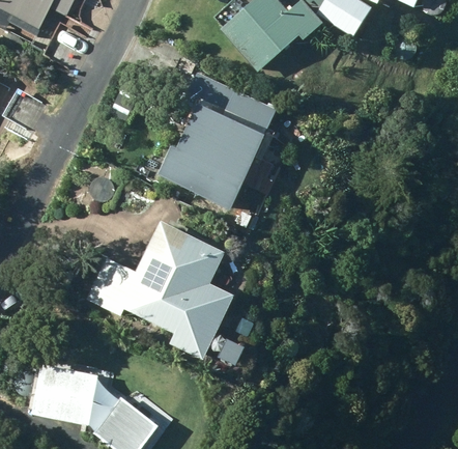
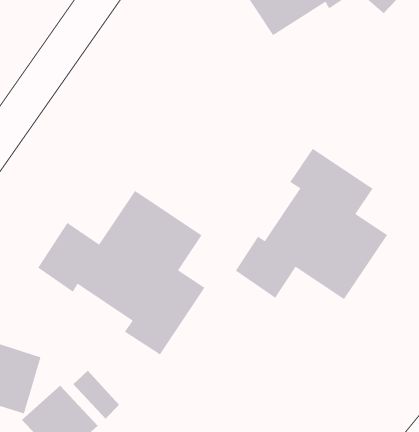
building: [156,71,277,213] -> none
building: none -> [235,148,388,300]

